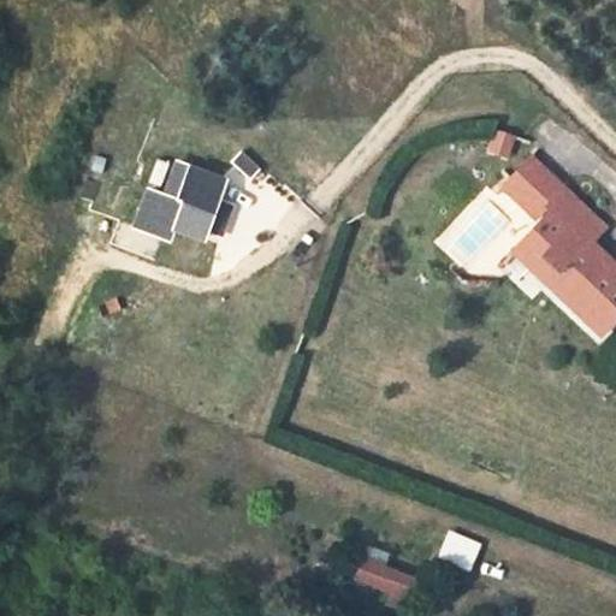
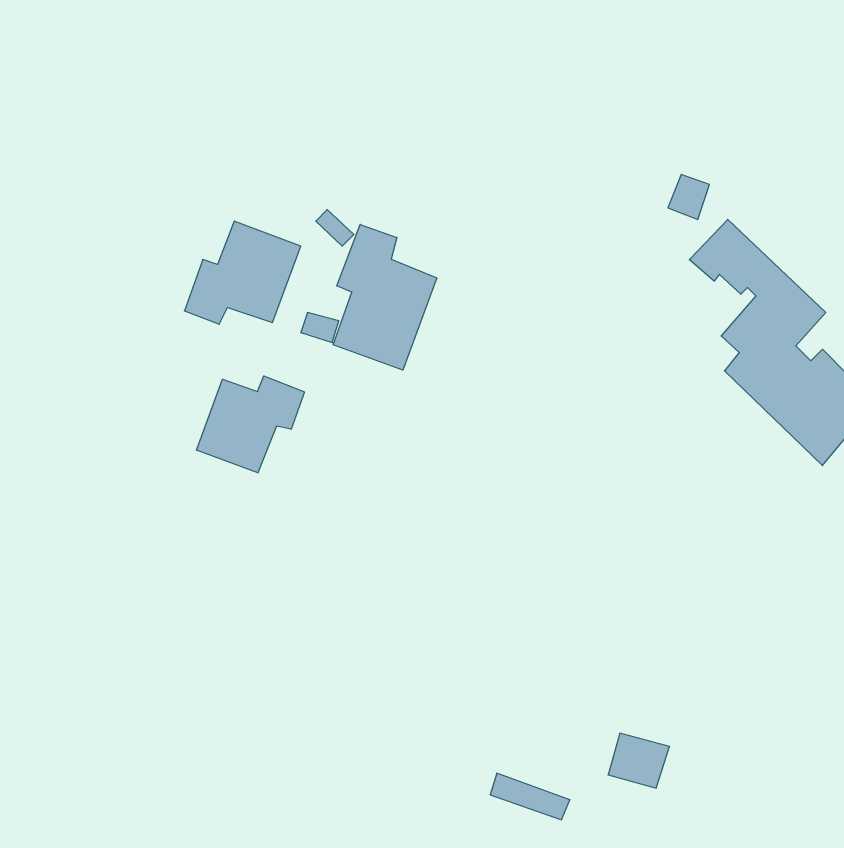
building: none -> [333,224,437,370]
building: none -> [197,376,305,473]

